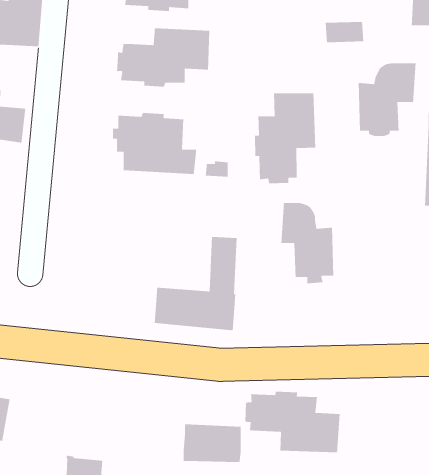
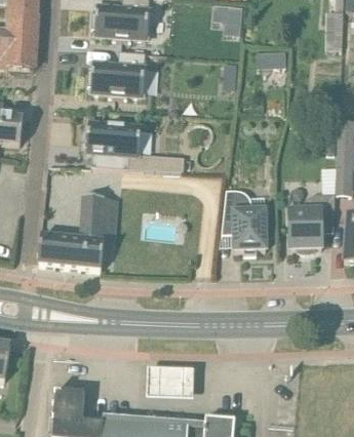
building: [358,63,416,137] -> [288,192,335,250]
building: [254,93,316,184] -> none
building: [154,236,237,331] -> [38,194,104,269]
building: [244,391,341,453] -> none

